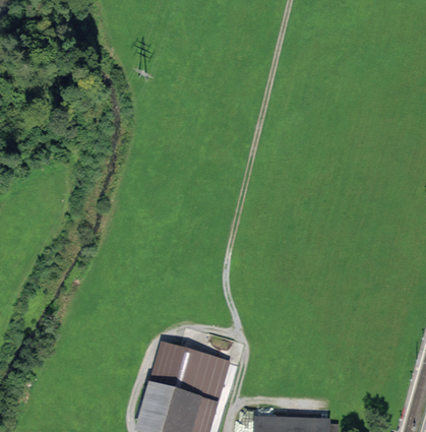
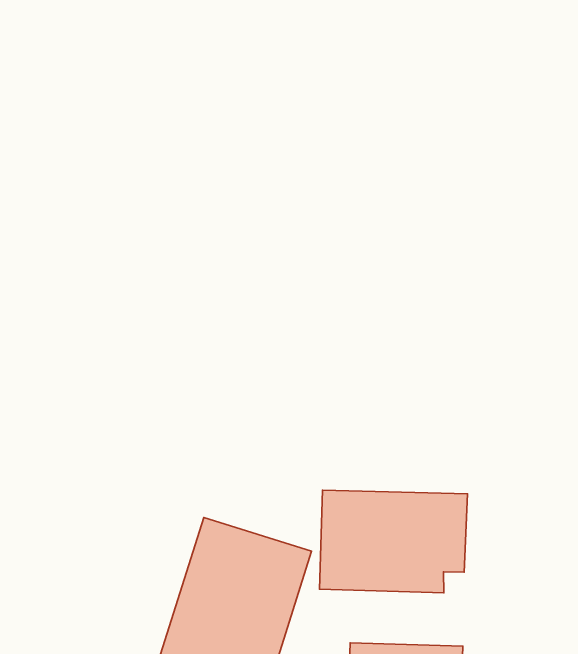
building: none -> [320,490,468,593]

